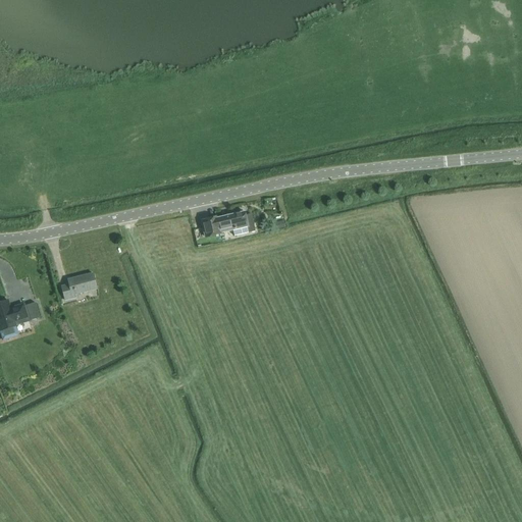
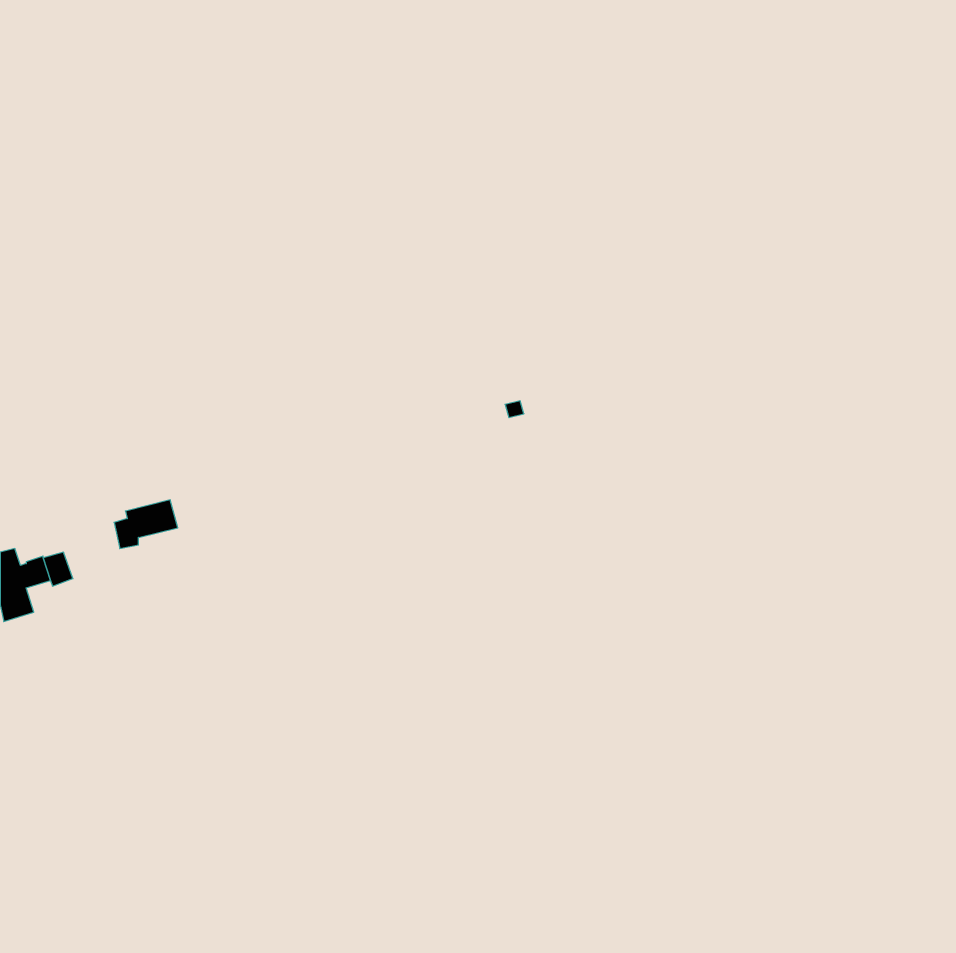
building: [202,210,249,236] -> none

